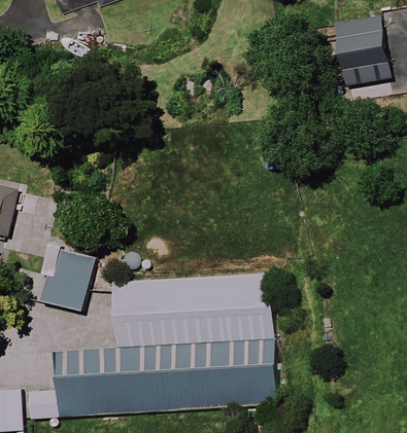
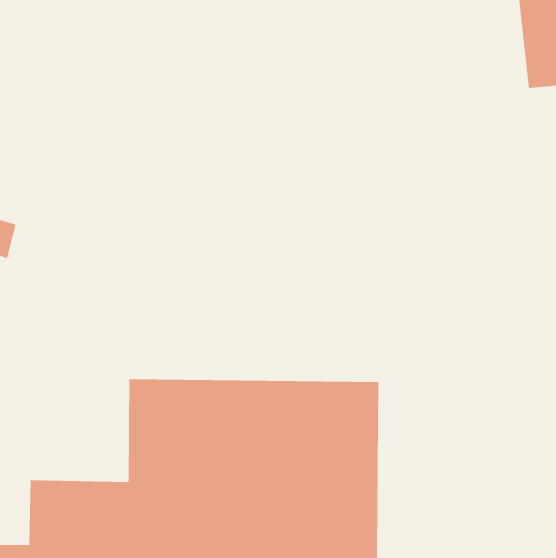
building: [42,249,93,310] -> none

